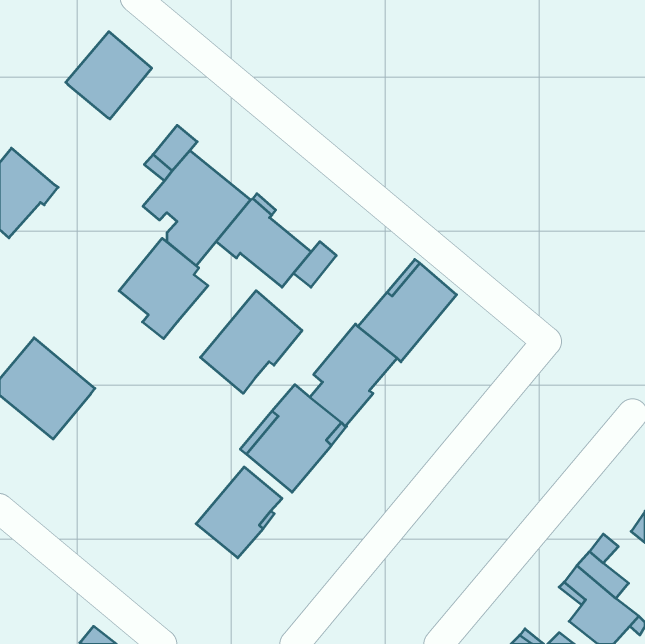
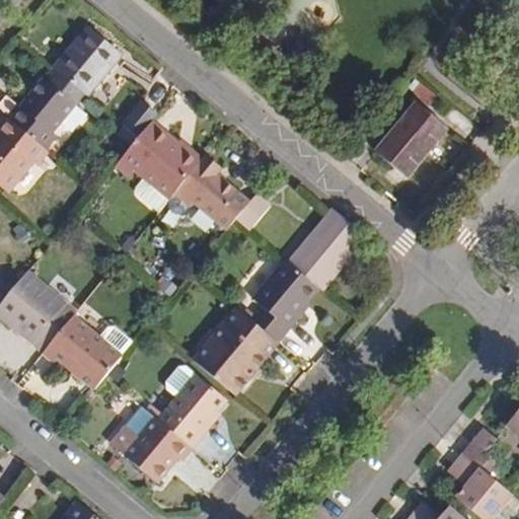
building: none -> [9,68,86,148]
building: none -> [374,100,448,177]
building: [119,238,208,339] -> none
building: [200,291,302,393] -> none
building: none -> [43,315,122,388]
building: none -> [108,404,191,481]

